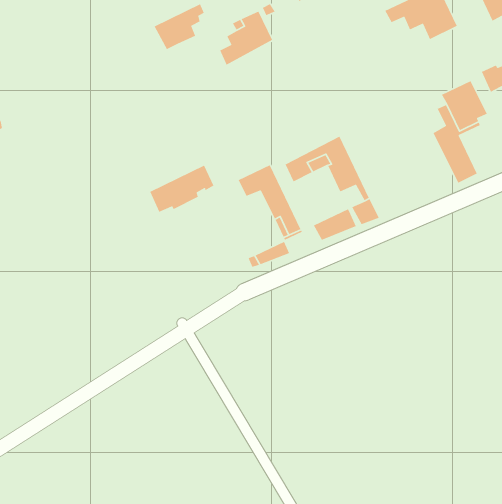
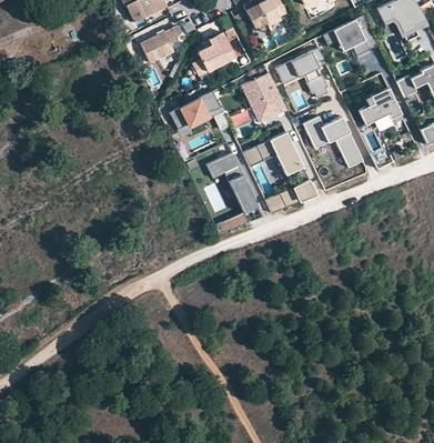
building: none -> [275,48,327,98]
building: none -> [242,72,286,123]
building: none -> [303,117,363,168]
building: [149,164,214,213] -> [170,91,221,129]

